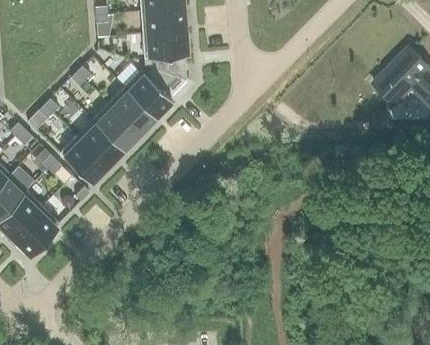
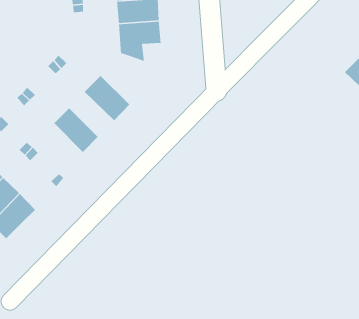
building: [126,69,175,118] -> none
building: [94,105,140,151] -> none
building: [61,137,108,184] -> none

